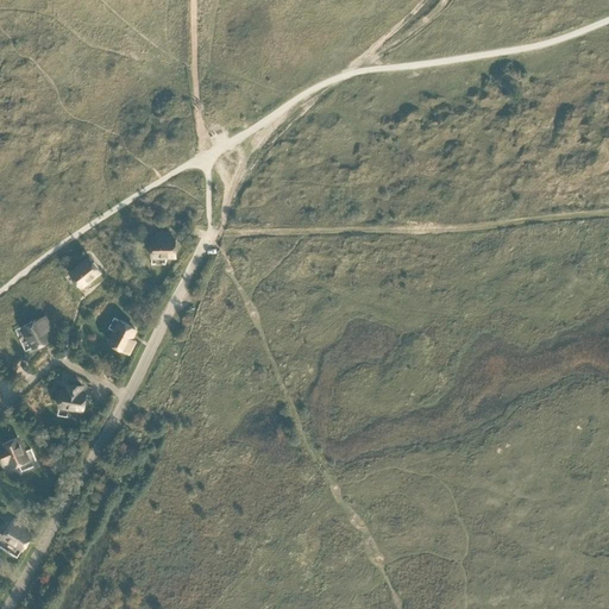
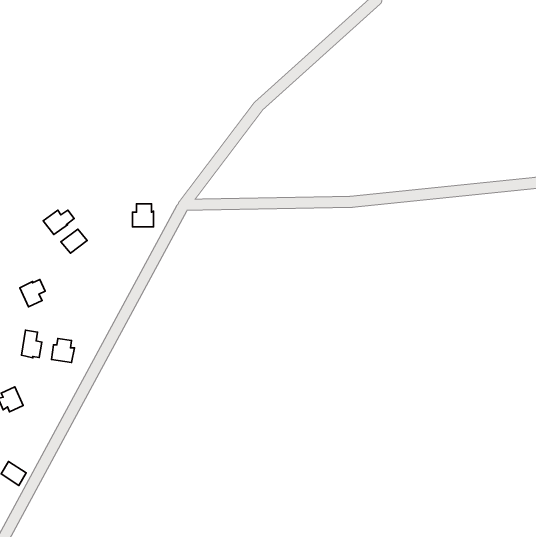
building: none -> [43,210,74,235]
building: [108,321,136,353] -> none
building: none -> [22,330,42,358]

